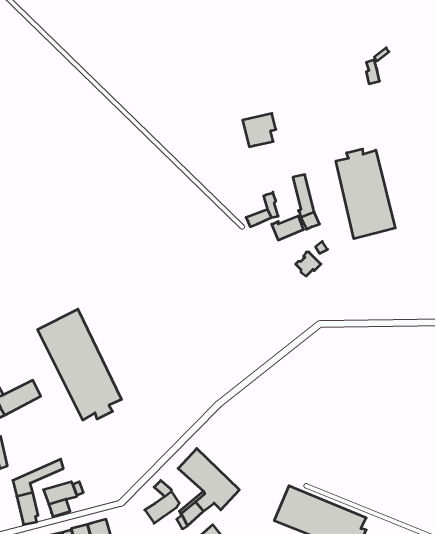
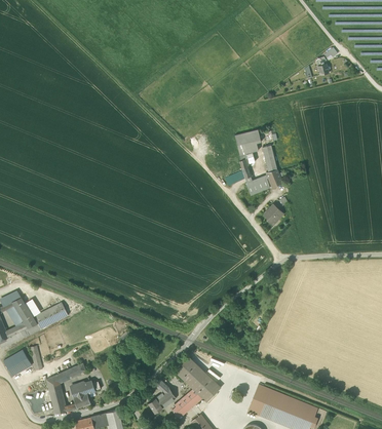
building: [243,113,276,147] -> [235,129,261,155]
building: [336,149,395,239] -> none
building: [38,309,121,420] -> none

